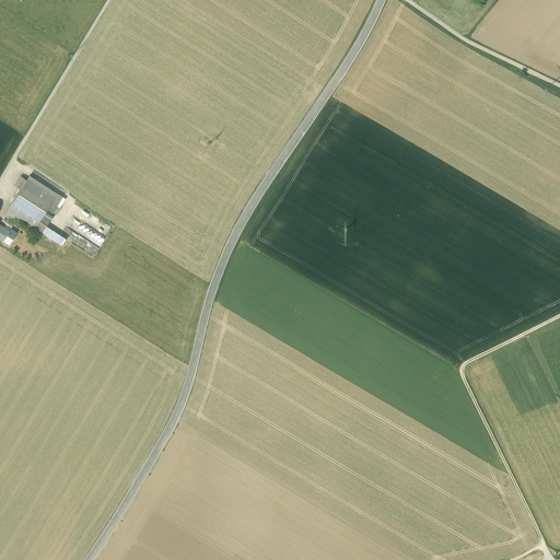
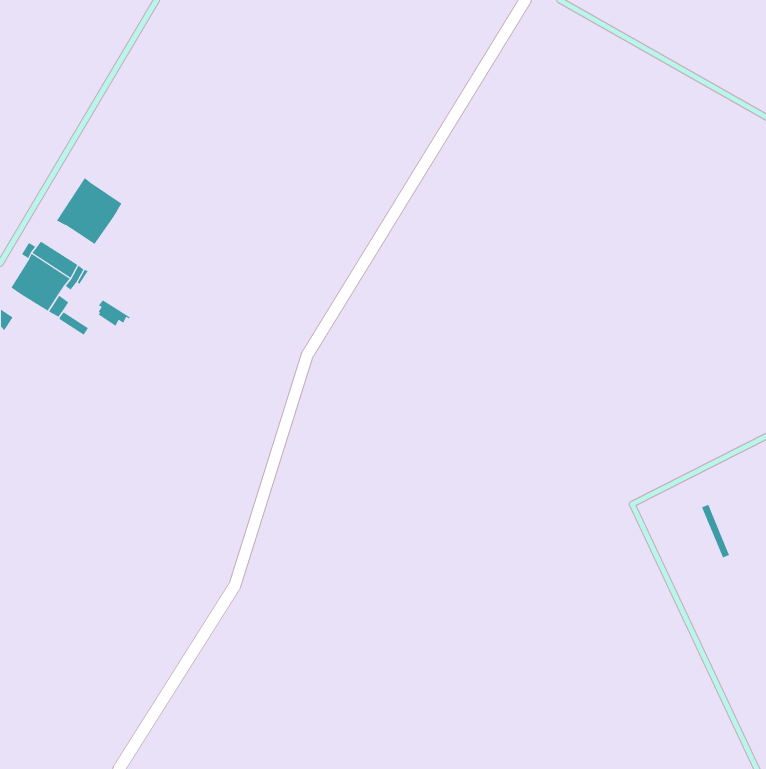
building: none -> [56,177,122,245]

